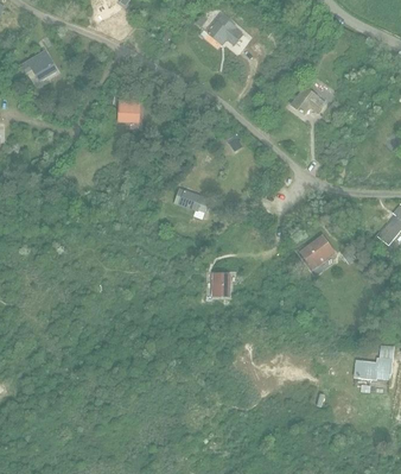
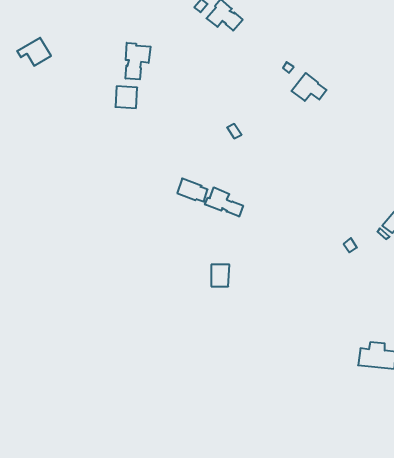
building: none -> [126,43,151,79]
building: none -> [205,187,243,217]
building: [304,235,336,266] -> none

